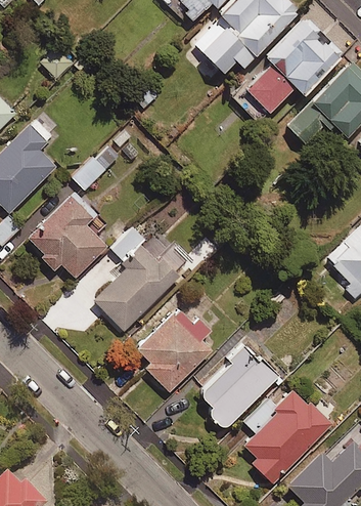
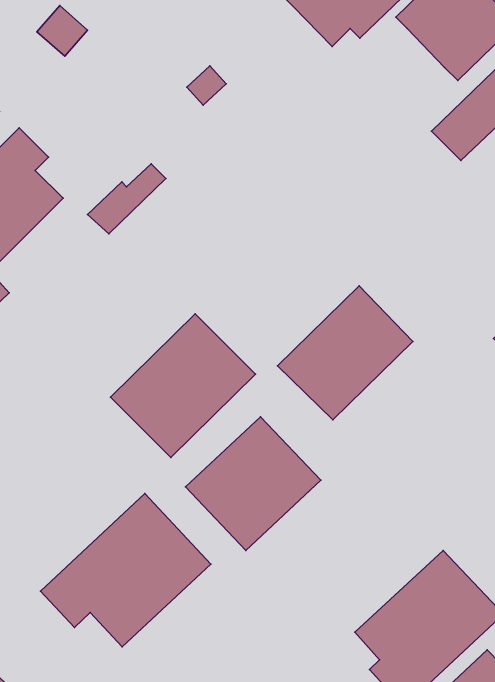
building: [244,61,296,113] -> none
building: [27,194,108,283] -> none
building: [191,342,276,426] -> [278,286,413,420]
building: none -> [40,493,211,647]

